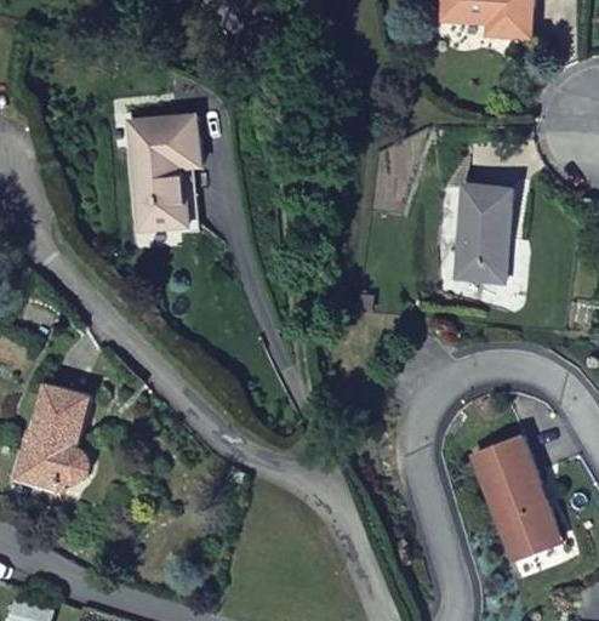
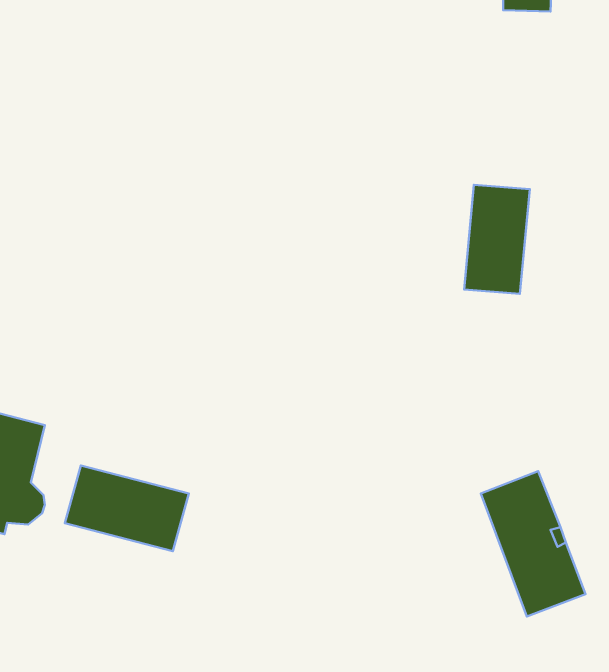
building: [127,116,200,232] -> none
building: none -> [65,466,189,551]

